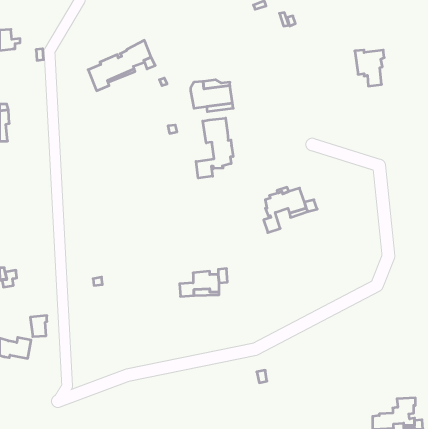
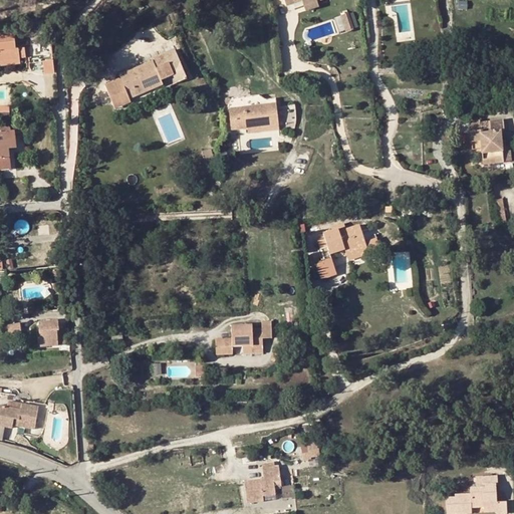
building: [355,50,384,86] -> [468,120,503,164]
building: [196,118,233,178] -> none
building: [30,316,47,337] -> [37,321,57,346]
building: none -> [245,466,282,503]

